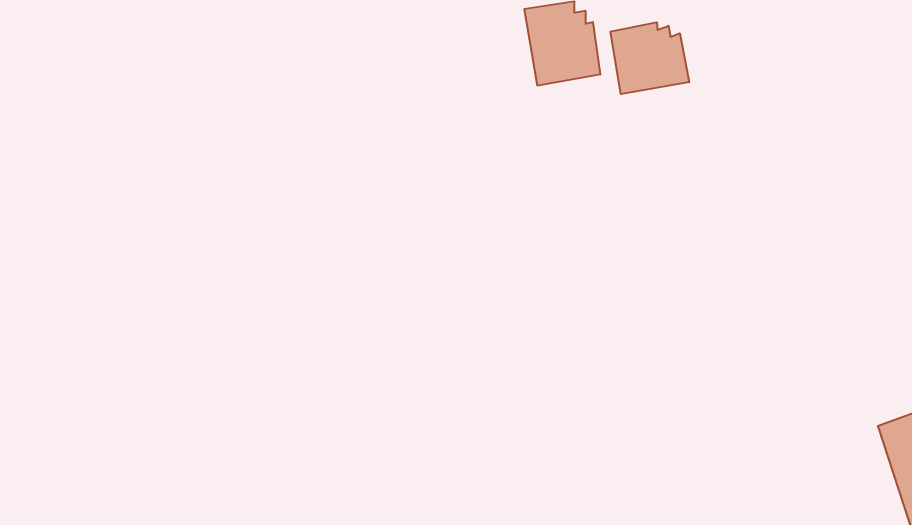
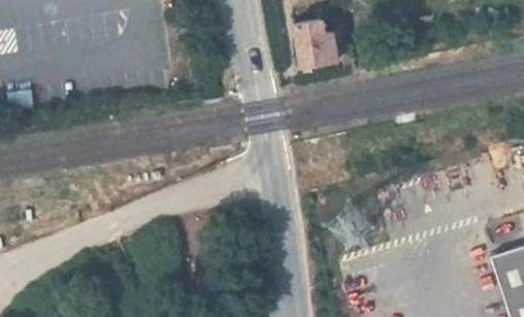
building: [610,22,689,94] -> none

